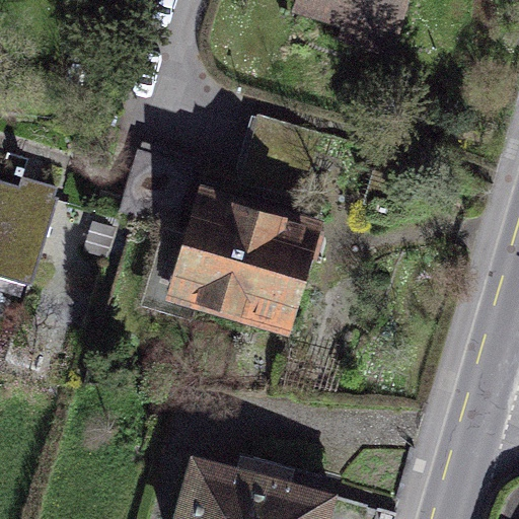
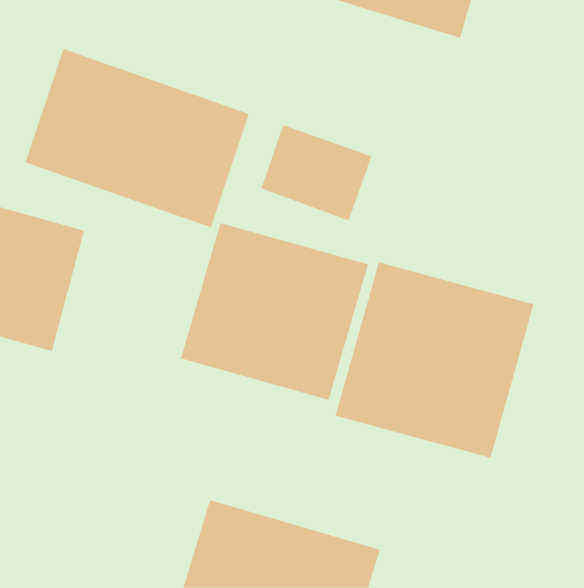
building: none -> [25,48,250,228]
building: none -> [335,261,534,459]

